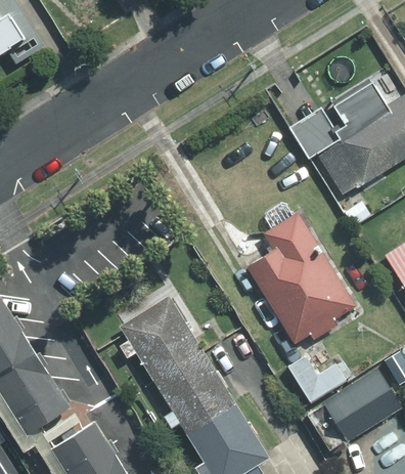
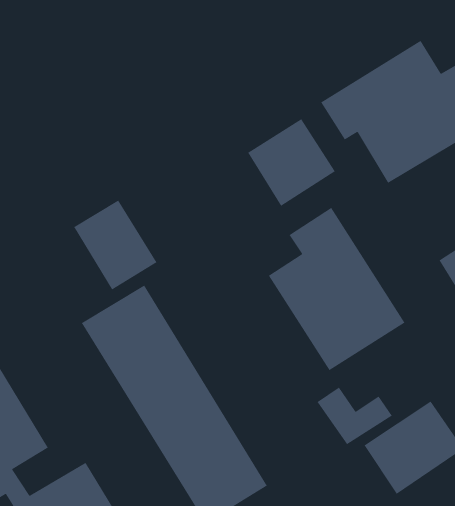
building: none -> [247,118,336,207]
building: none -> [73,200,157,291]

